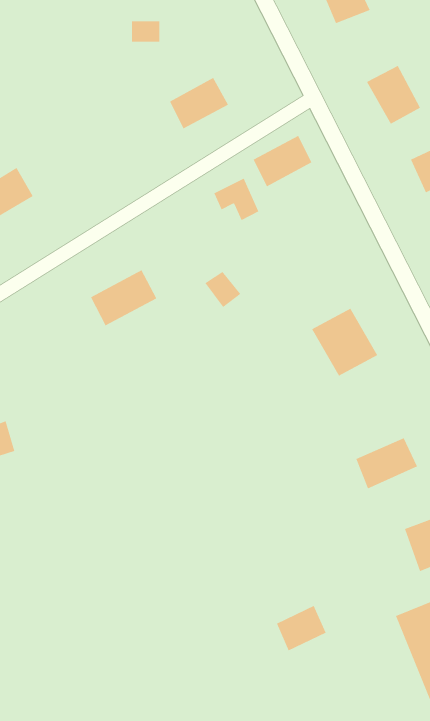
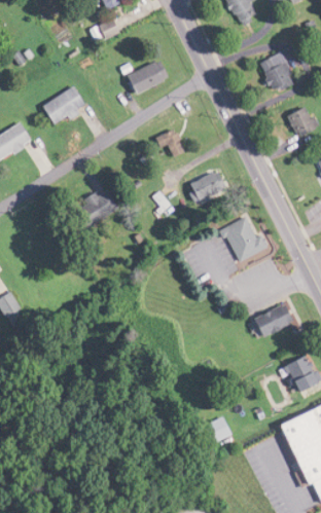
building: none -> [41,86,86,125]
building: [253,135,312,187] -> [187,169,227,204]

